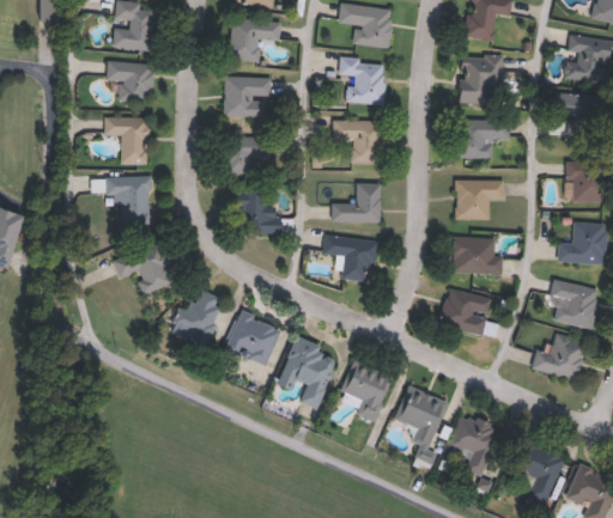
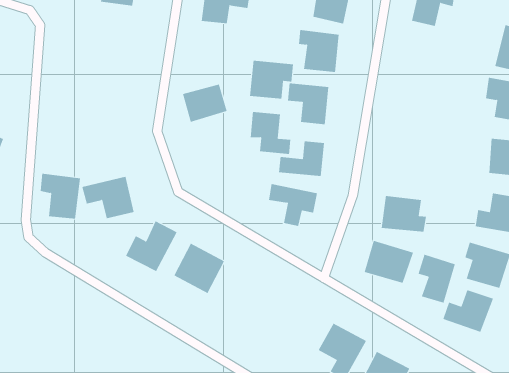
building: [460,55,503,104] -> none
building: [107,60,154,103] -> none
building: [225,78,272,118] -> [249,60,294,99]
building: [104,117,148,165] -> none
building: [456,120,510,159] -> none
building: [107,176,151,224] -> [40,173,81,219]
building: [455,181,505,220] -> none
building: [235,190,281,234] -> [250,111,291,154]
building: none -> [418,254,456,304]
building: [277,337,339,409] -> none
building: [341,359,393,422] -> none

